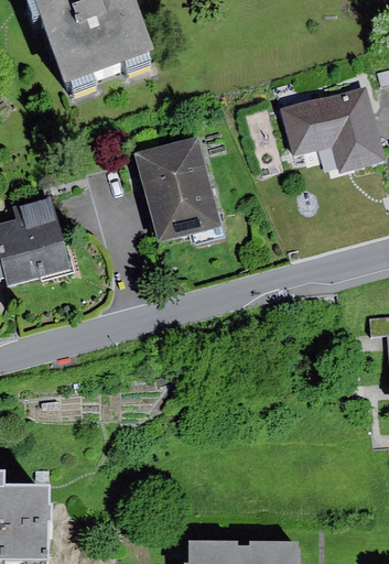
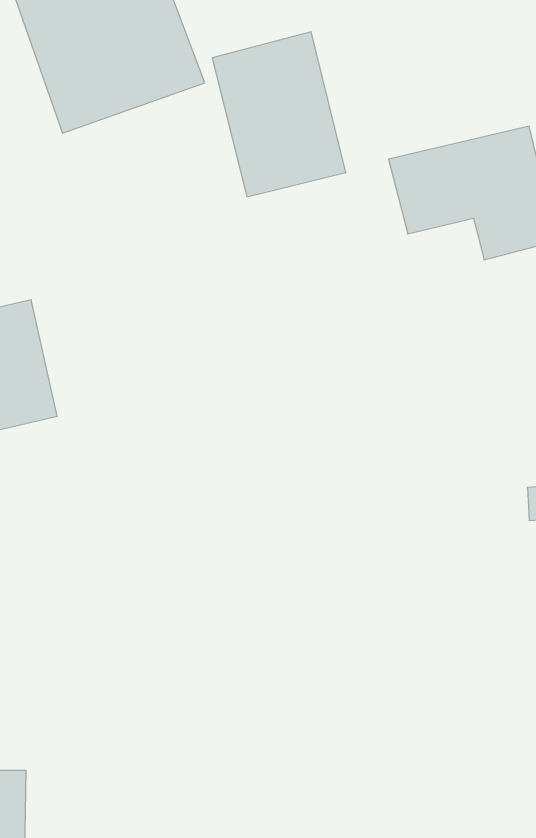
building: [134,137,219,241] -> [212,32,346,197]

